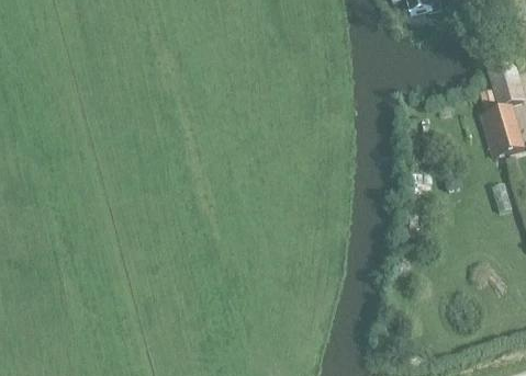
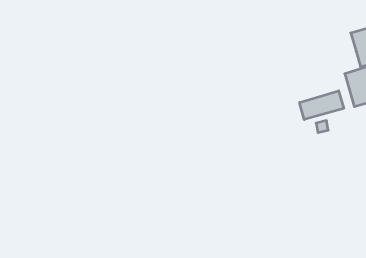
building: none -> [300,91,344,120]

